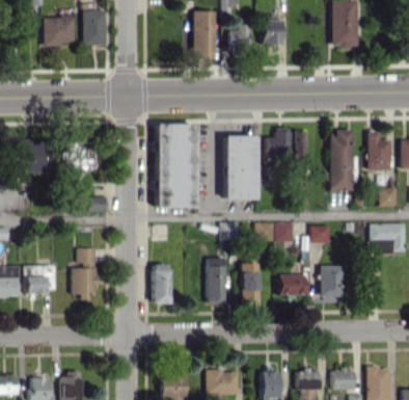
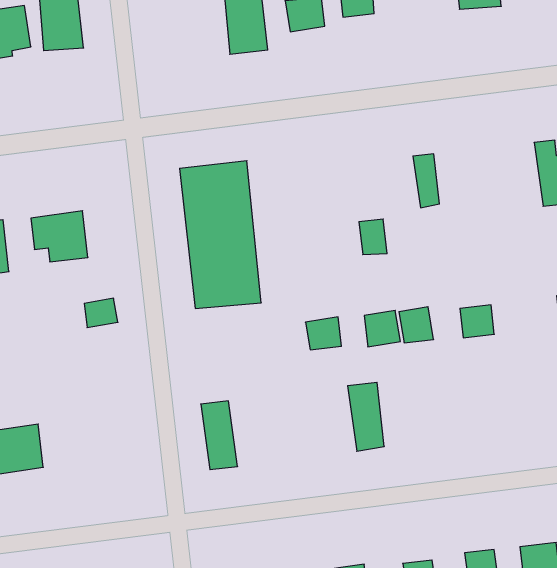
building: [266,128,292,156] -> none
building: [330,131,354,191] -> none
building: [224,135,256,199] -> none
building: [72,247,98,295] -> none
building: [207,258,225,303] -> none
building: [320,265,344,296] -> none
building: [278,274,306,295] -> none

